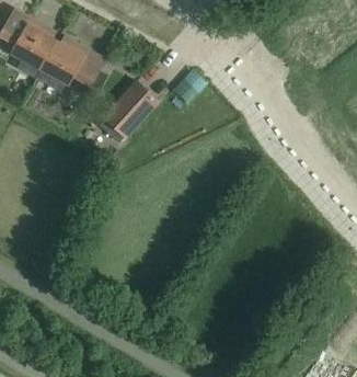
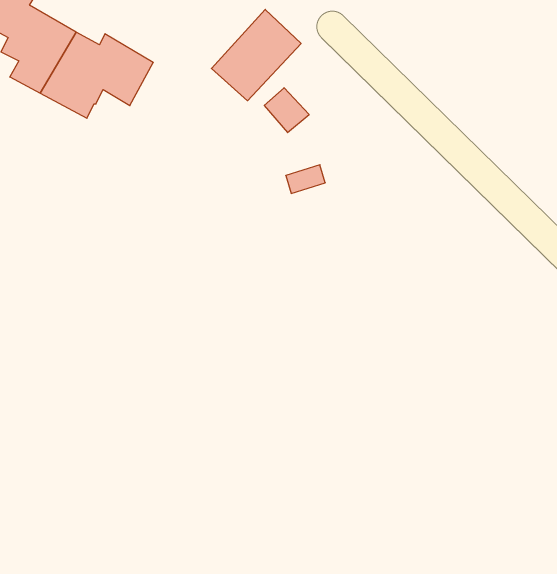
building: [103,80,158,136] -> [211,9,301,101]

